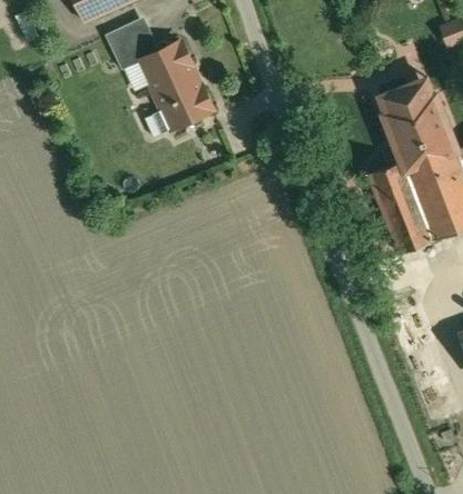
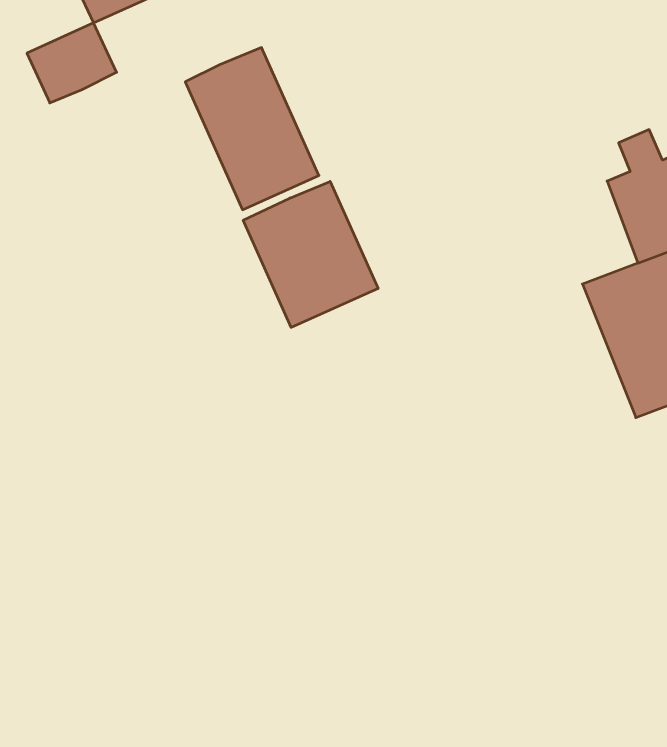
building: [106,18,158,65] -> [27,23,117,103]
building: none -> [243,181,378,327]

